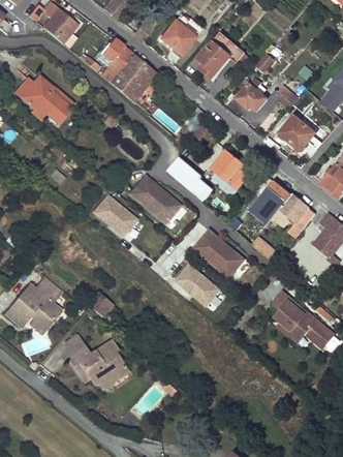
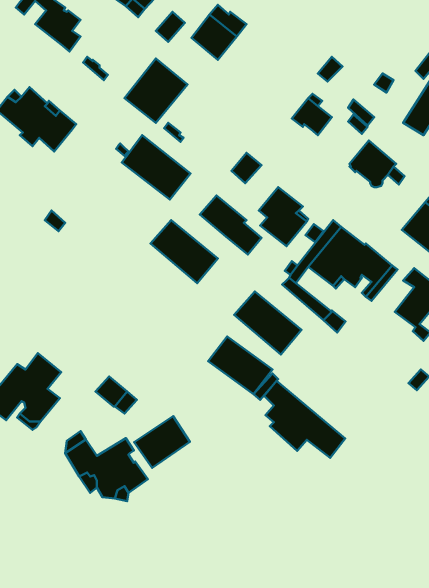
building: [198,33,245,79] -> none
building: [100,38,134,84] -> none
building: [92,193,144,242] -> [122,135,190,200]
building: [273,290,334,347] -> [264,381,345,458]
building: none -> [134,416,190,468]

